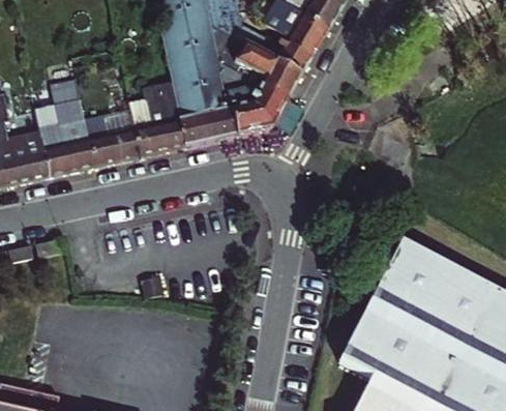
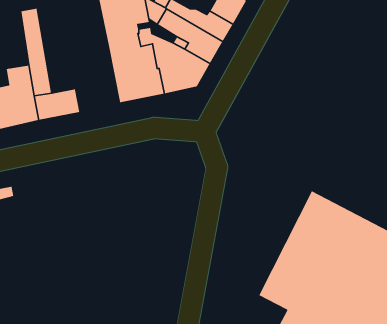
building: [128,81,183,154] -> none

